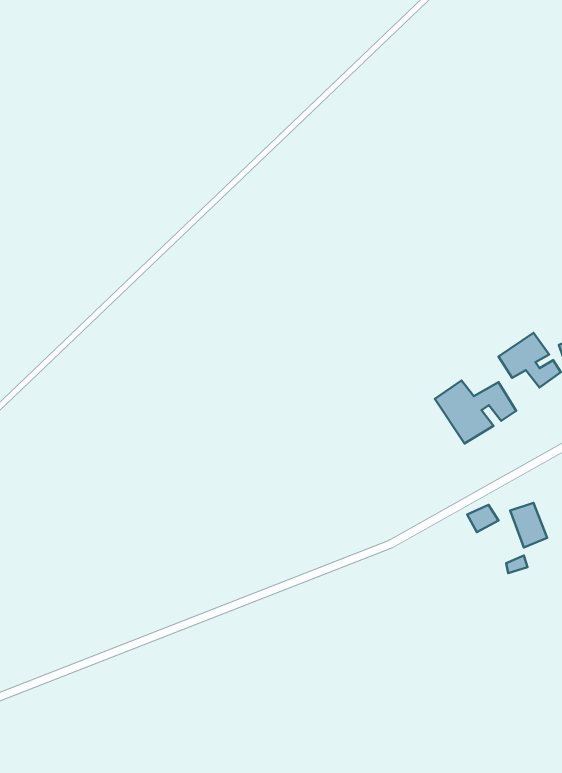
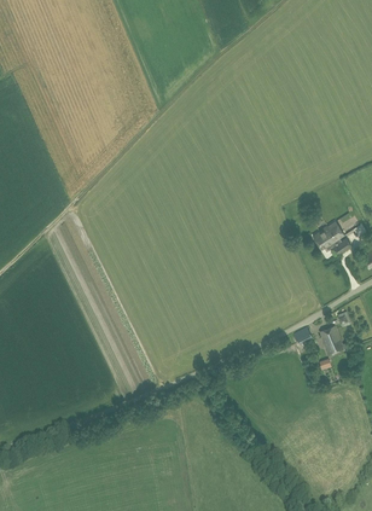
building: [435,380,516,444] -> none

